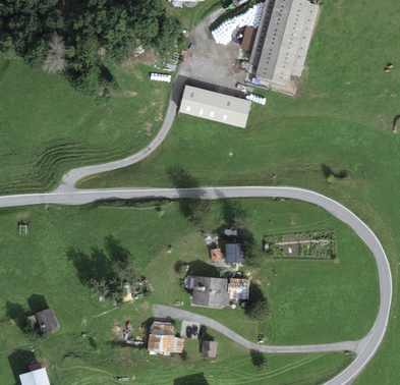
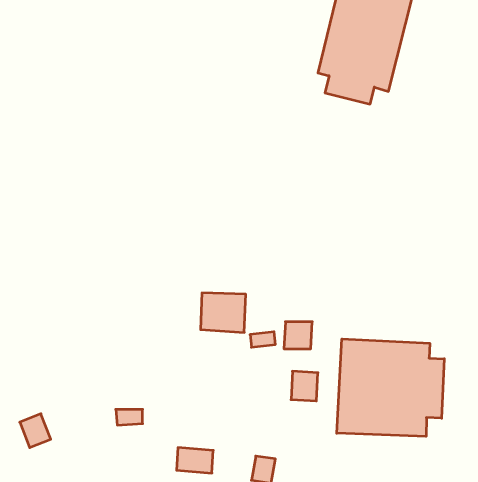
building: [177,84,250,126] -> none
building: none -> [337,339,444,436]
building: [191,277,224,306] -> [201,293,246,332]

